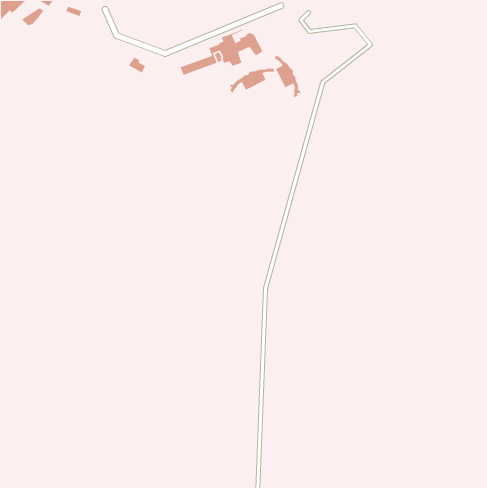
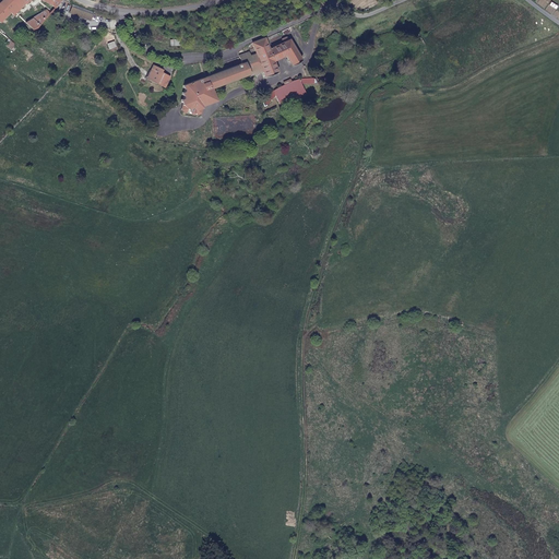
building: [274,55,301,98] -> none
building: none -> [181,76,215,115]

